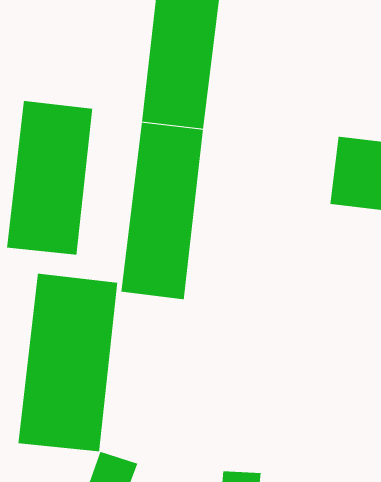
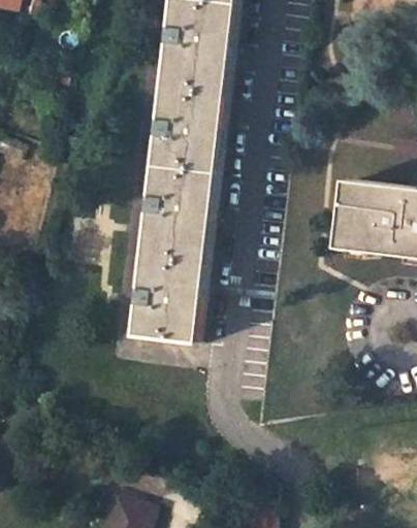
building: [7,100,93,256] -> none
building: [18,273,118,452] -> none

